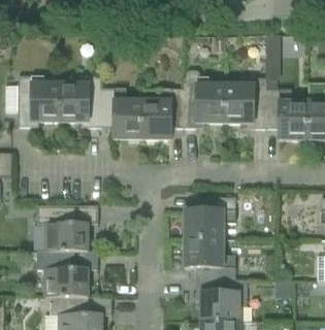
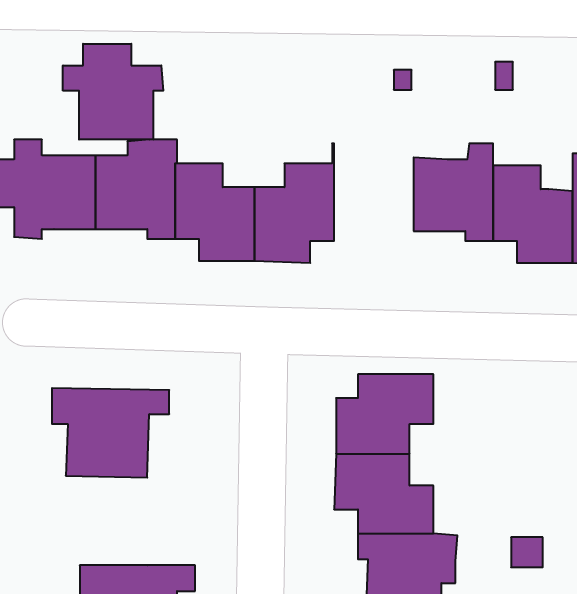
building: none -> [63,44,163,140]
building: [184,70,225,128] -> none
building: [36,250,97,296] -> none

